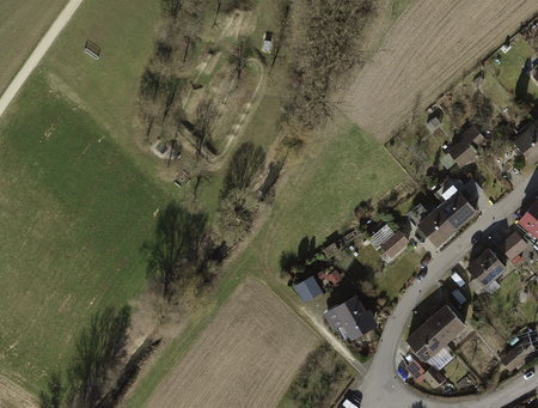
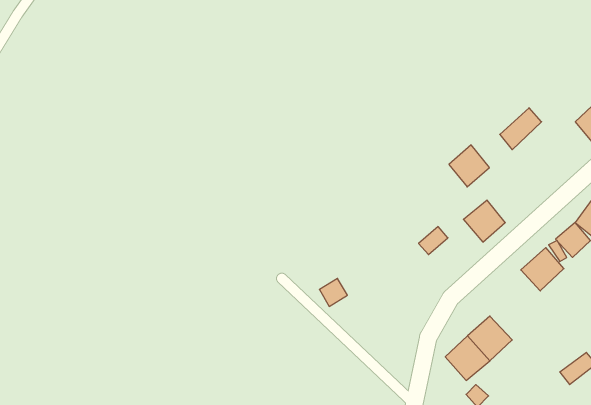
building: [440,191,475,227] -> [449,145,489,187]
building: [334,298,372,340] -> none

